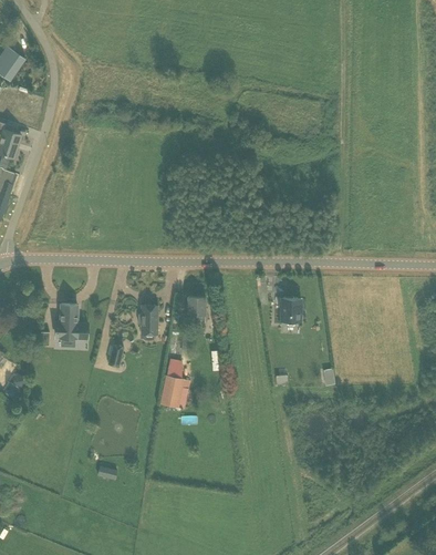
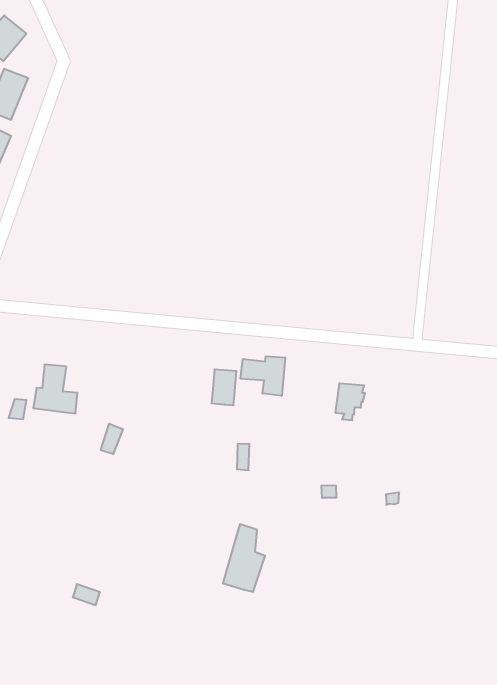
building: none -> [241,356,285,396]
building: [138,305,158,333] -> none
building: [160,358,190,408] -> [223,524,265,592]

